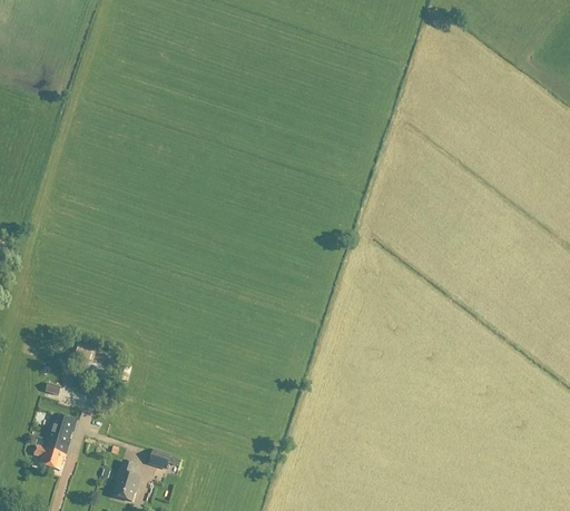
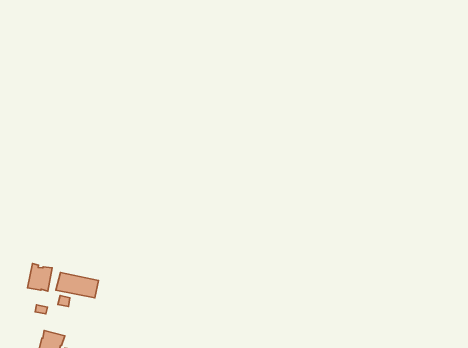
building: none -> [28,264,52,291]

